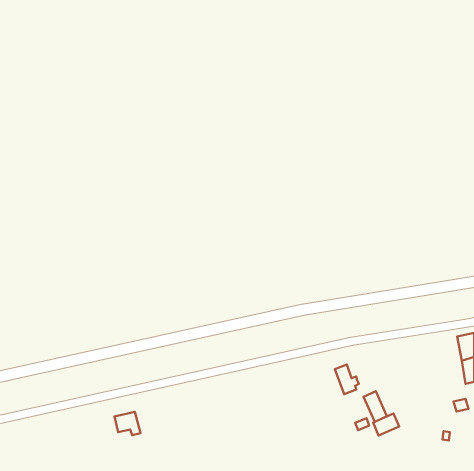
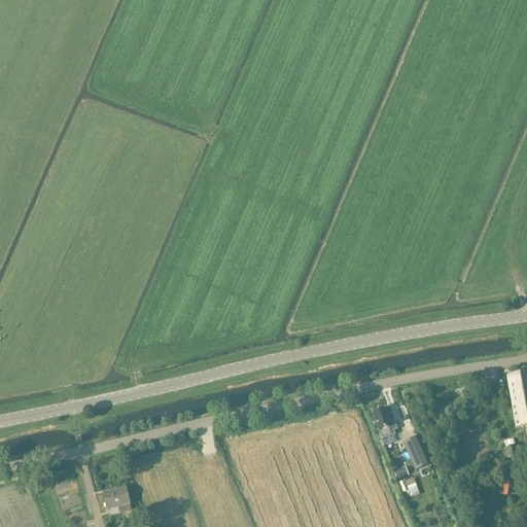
building: [115,412,140,435] -> [103,485,132,511]
building: [373,414,399,436] -> none

